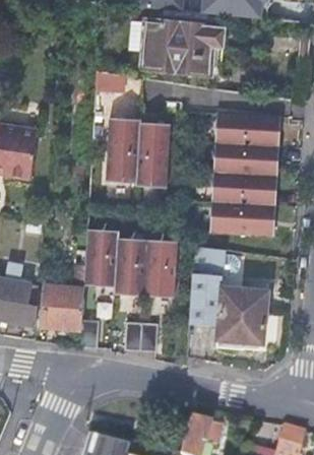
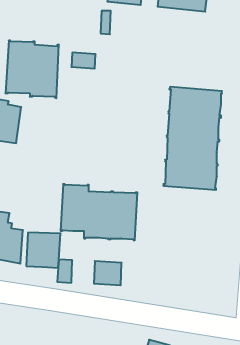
building: [145,21,226,73] -> none
building: [105,118,170,188] -> [5,41,59,98]
building: [188,244,267,343] -> none

